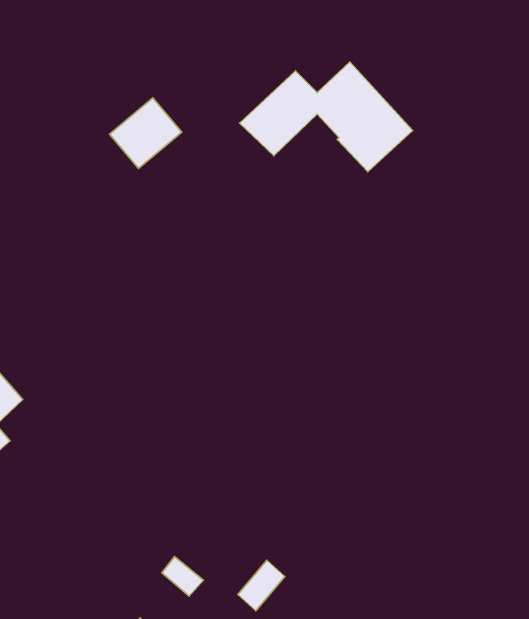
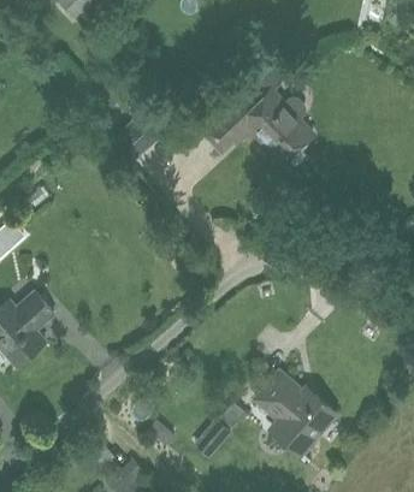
building: none -> [256,372,336,454]

